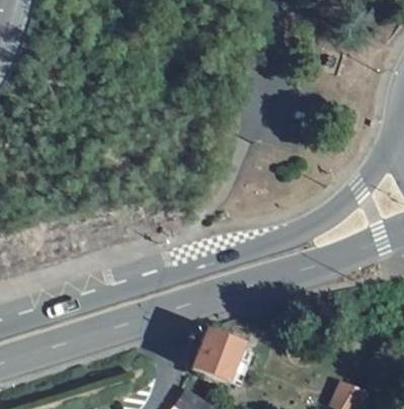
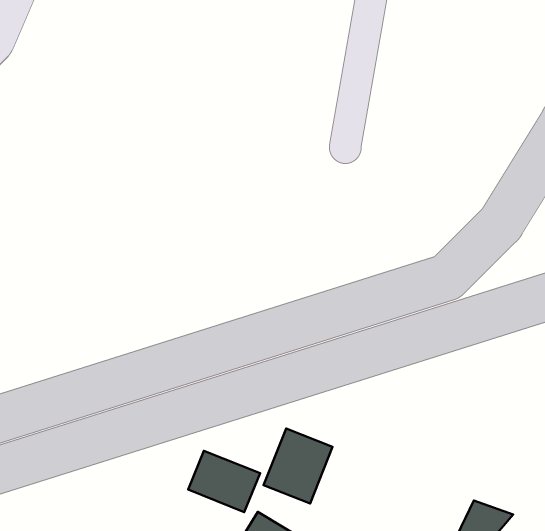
building: none -> [188,451,260,512]

